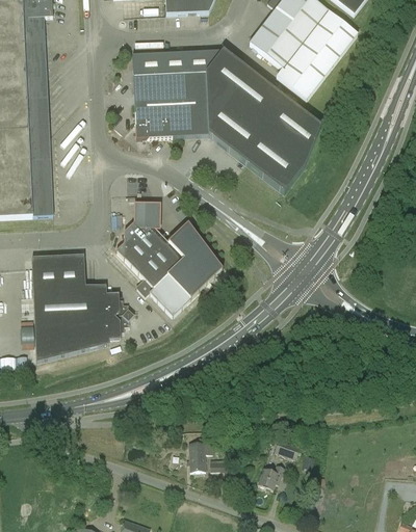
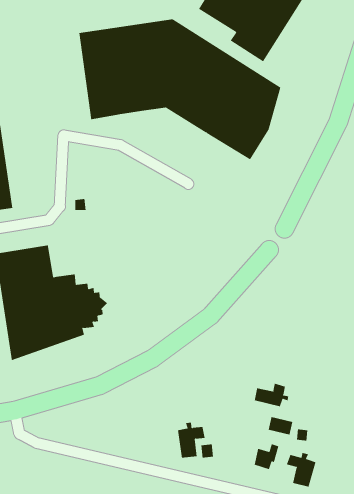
building: [125,202,224,316] -> none
building: none -> [254,383,289,407]
building: none -> [286,452,316,488]

